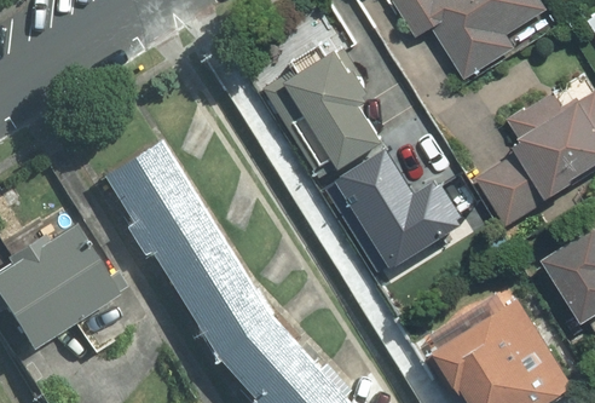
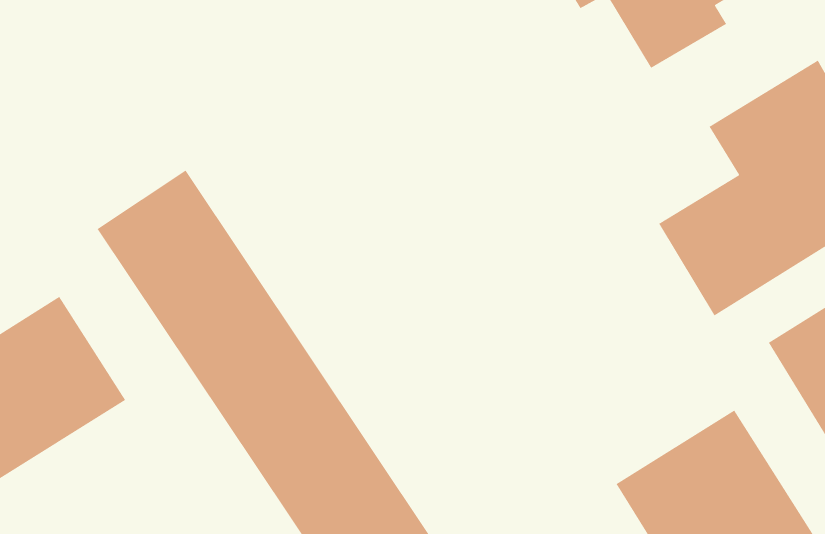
building: [262,45,393,179] -> none
building: [328,151,470,275] -> none

